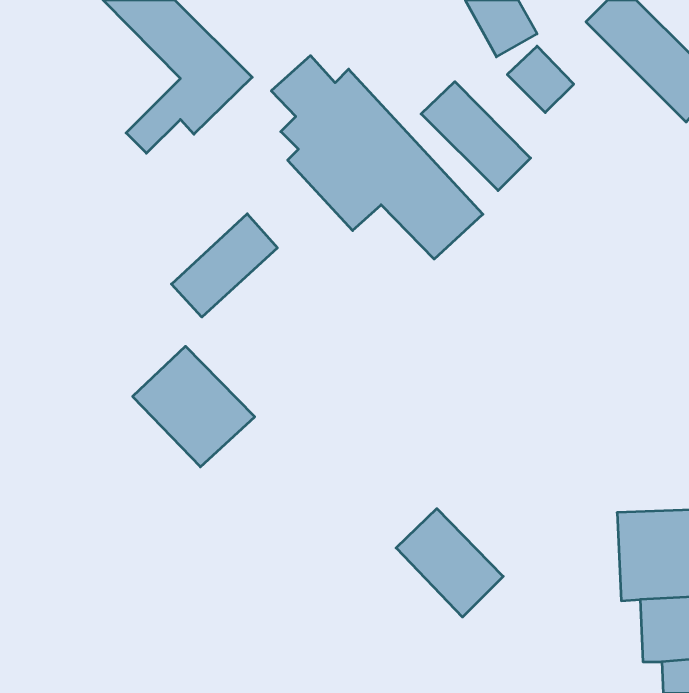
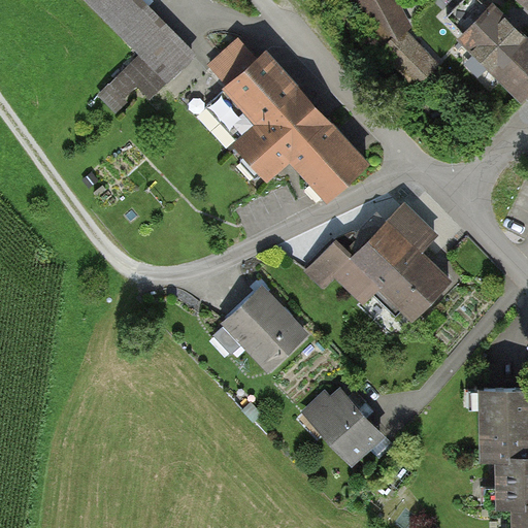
building: [421,82,531,191] -> none
building: [171,214,277,317] -> none
building: none -> [302,199,450,333]
building: [133,346,255,467] -> [219,284,311,375]

